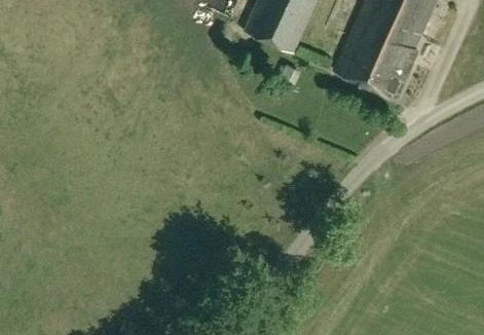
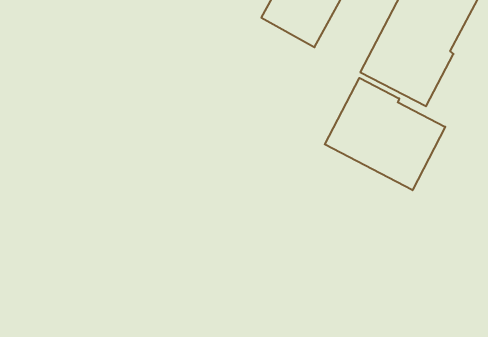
building: none -> [325,78,445,190]

